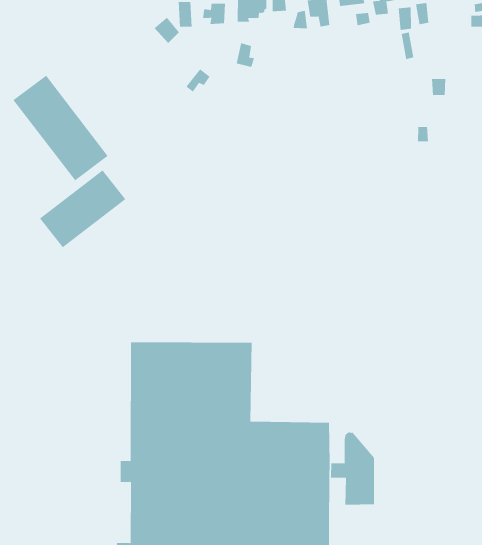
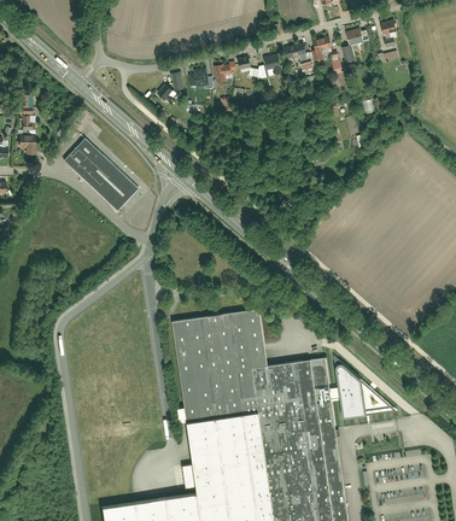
building: [39,170,126,248] -> none

